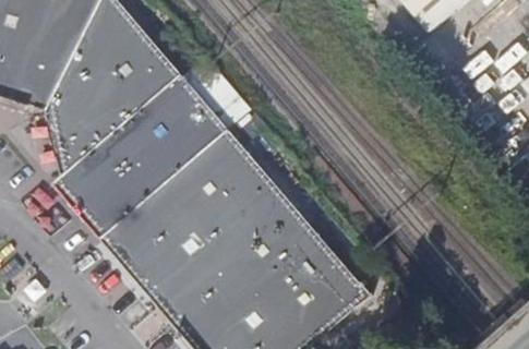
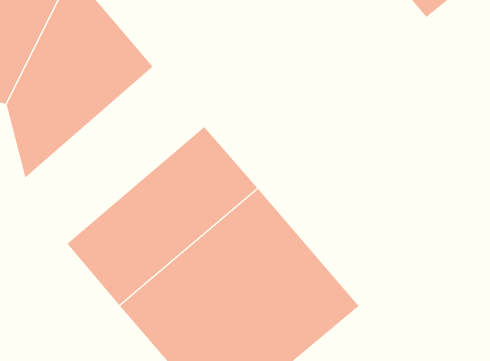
building: [55,74,227,237] -> none

